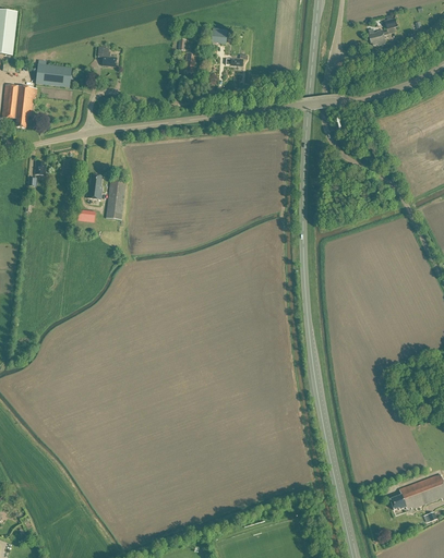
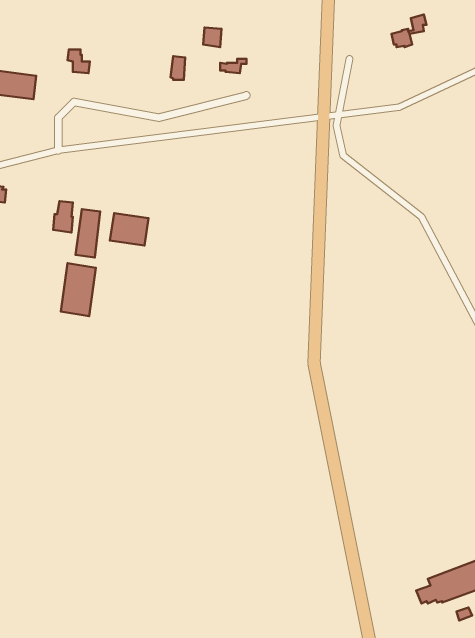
building: none -> [110,213,149,245]
building: none -> [61,263,96,316]

